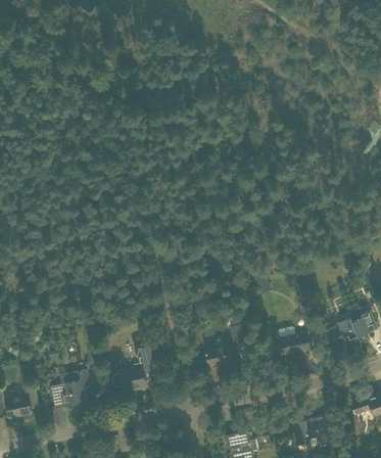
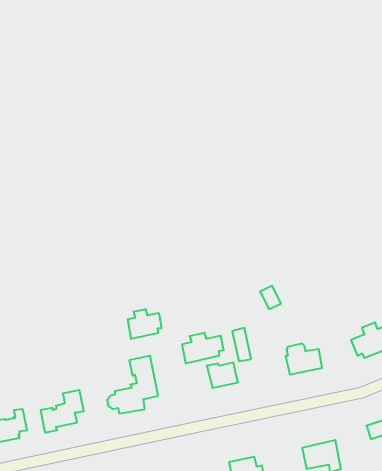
building: none -> [128,309,161,339]
building: none -> [182,333,224,364]

